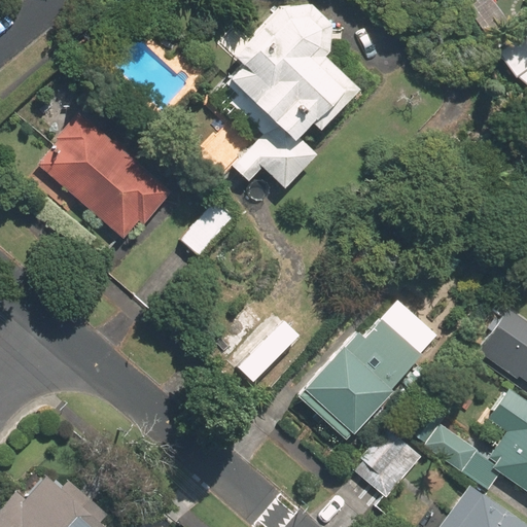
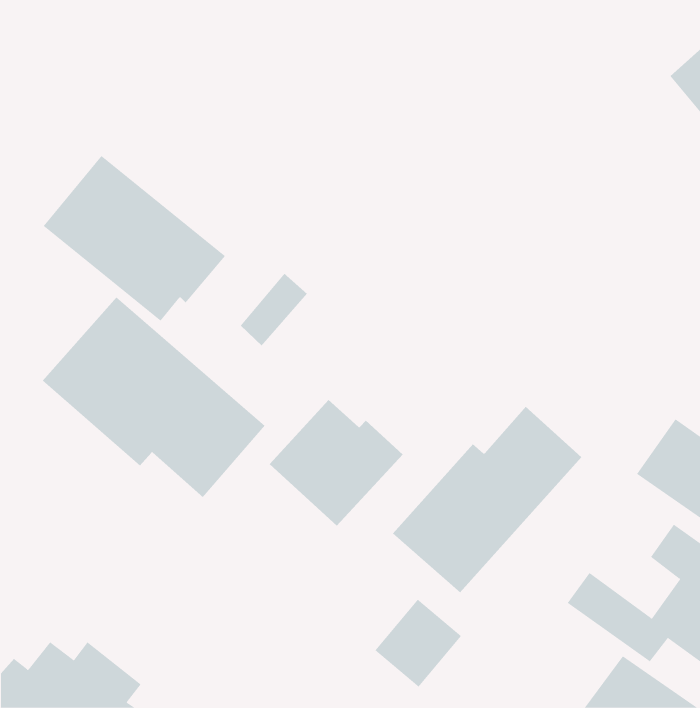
building: [226,4,356,190] -> none
building: none -> [42,296,265,498]
building: [357,432,422,498] -> [374,599,462,687]

